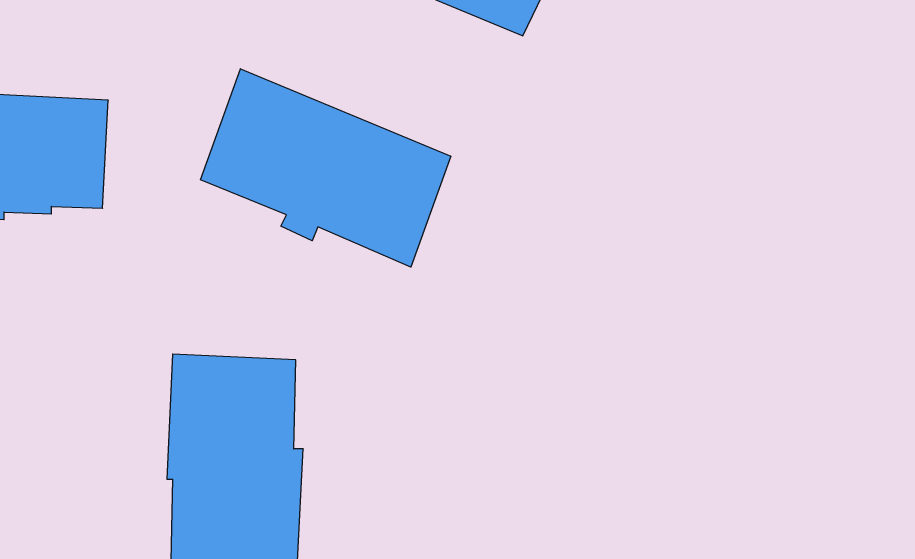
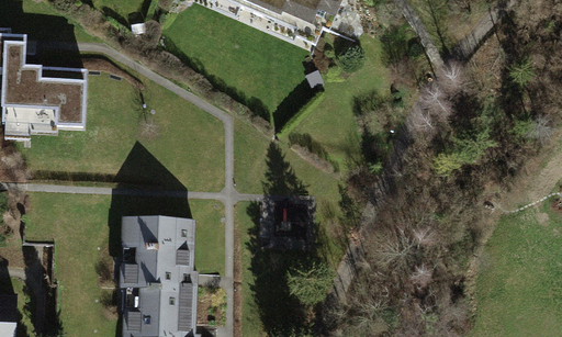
building: [201,69,451,267] -> none

